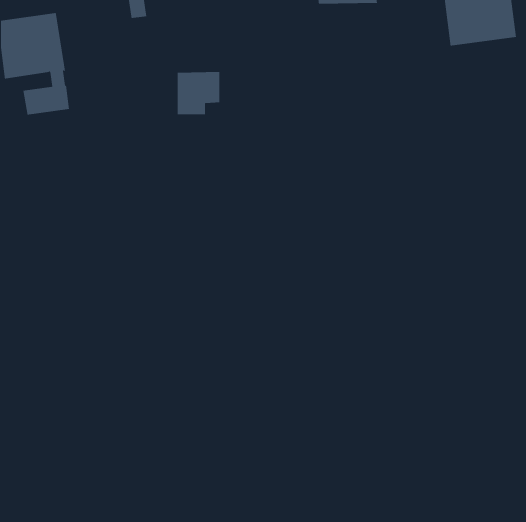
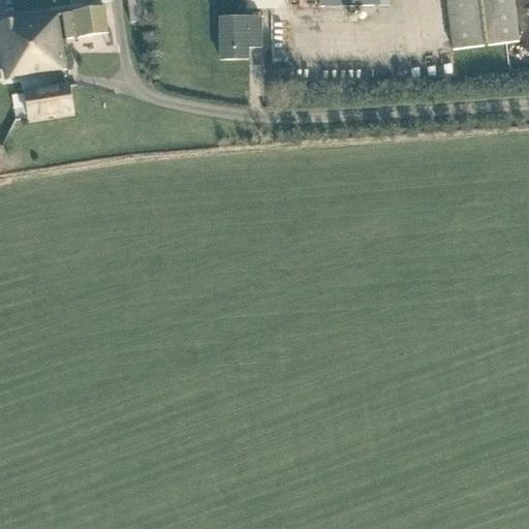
building: none -> [61,4,108,37]
building: [177,72,220,115] -> [220,13,263,57]

